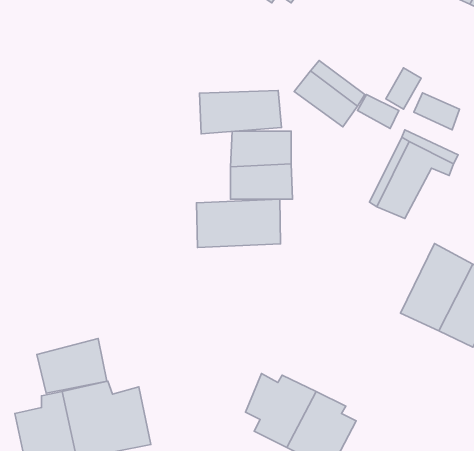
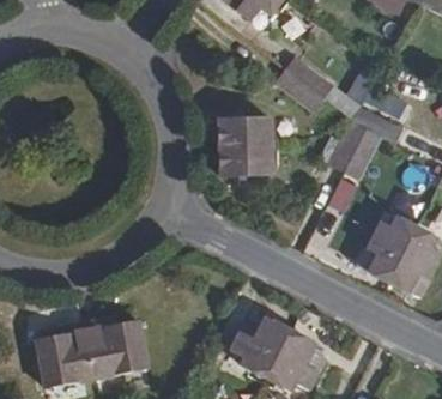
building: [200,91,281,134] -> none
building: [197,199,281,247] -> none
building: [37,339,107,393] -> none

